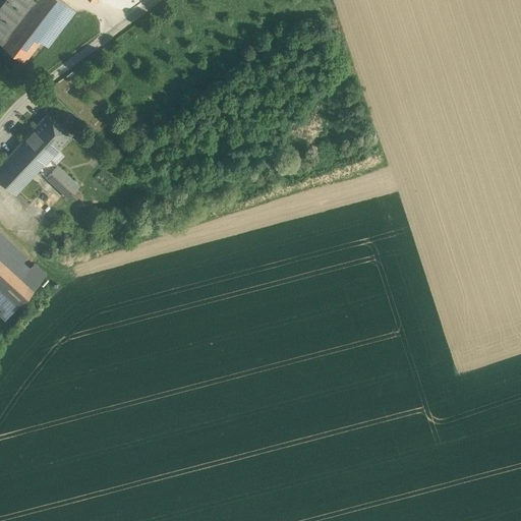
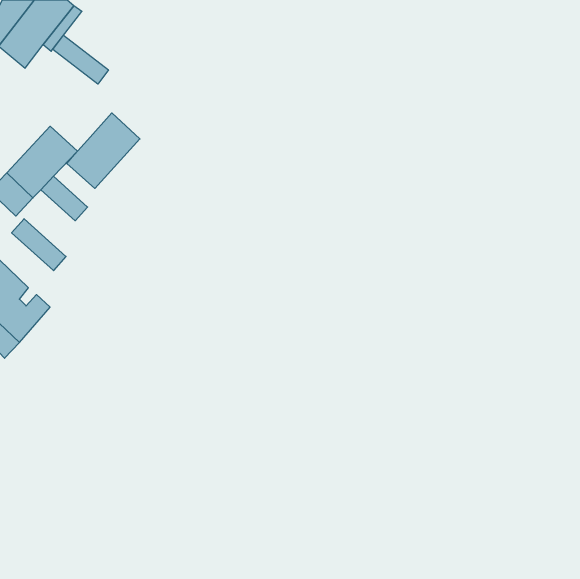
building: none -> [53,35,108,84]
building: none -> [67,113,140,188]
building: none -> [12,219,66,271]

